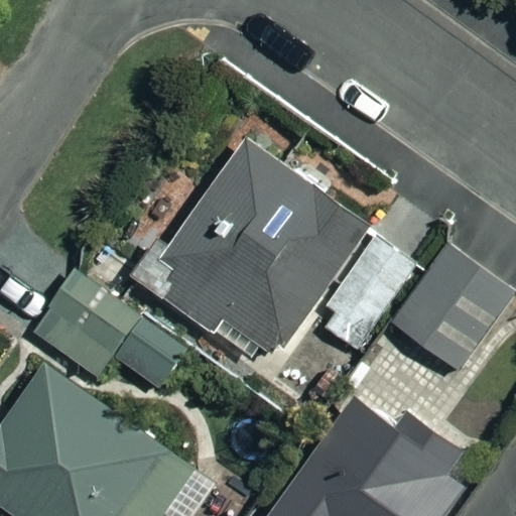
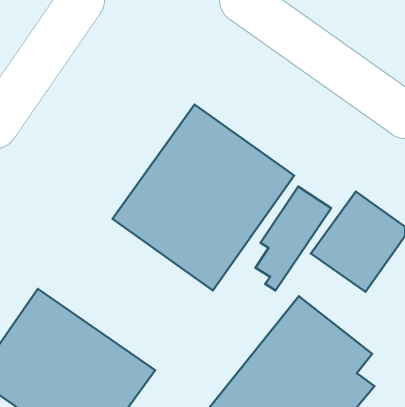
building: [35,269,188,387] -> none

